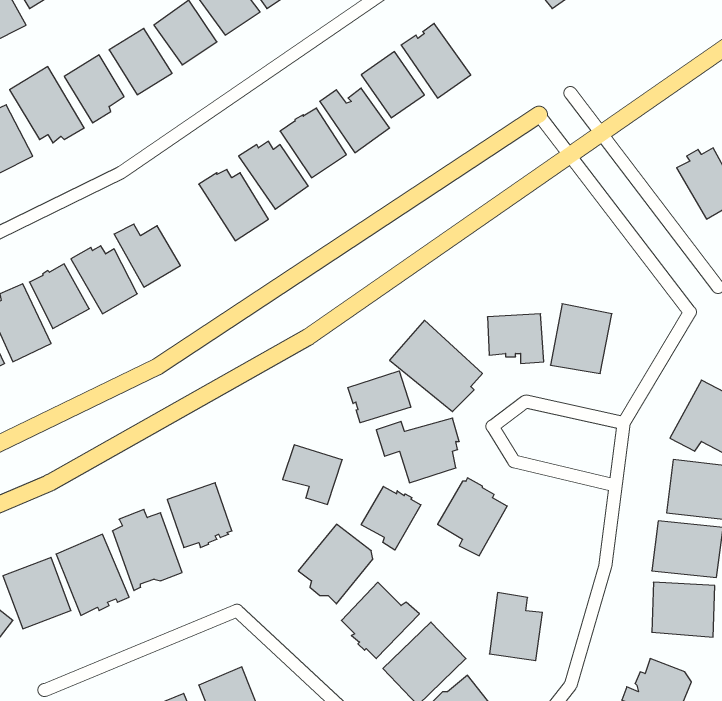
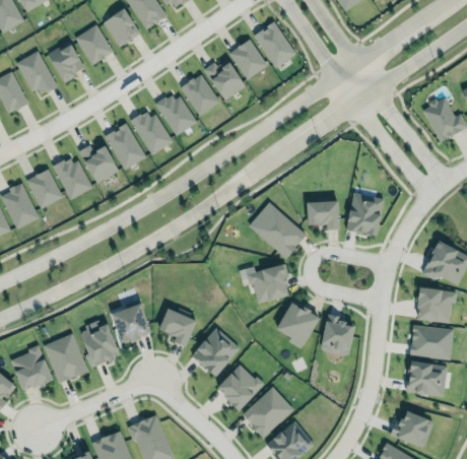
building: none -> [105,122,146,169]
building: [348,371,411,423] -> none
building: [283,445,342,504] -> [159,311,196,347]
building: [361,486,421,550] -> none
building: [489,593,542,661] -> [321,315,353,356]

